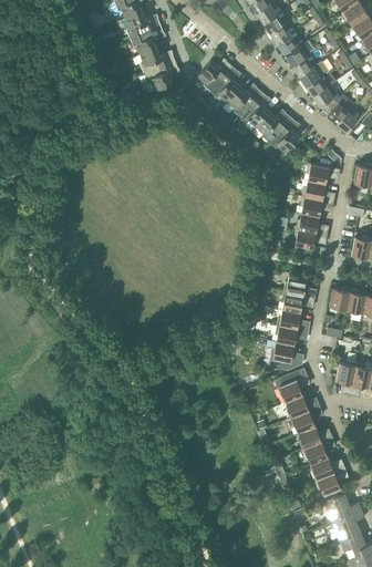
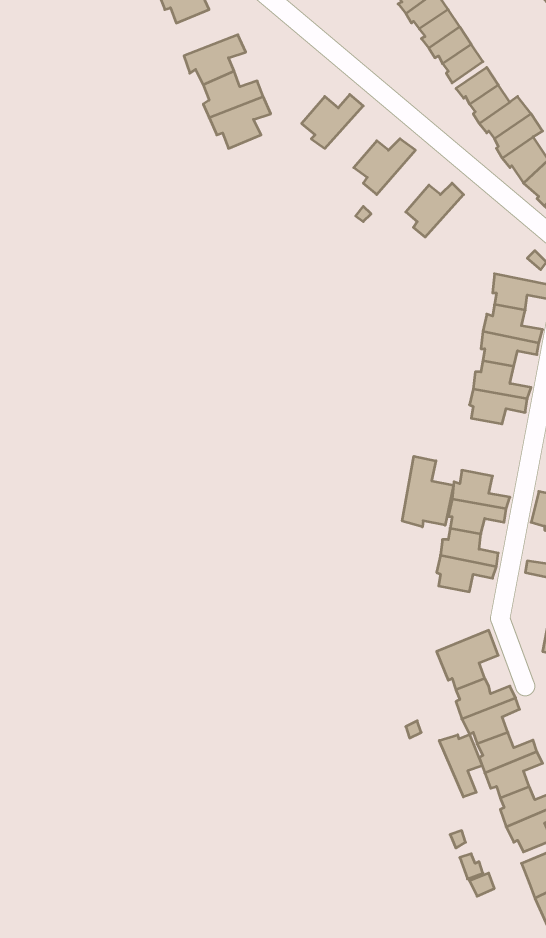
building: [125,11,161,38] -> none
building: [210,66,240,102] -> none
building: [240,92,270,127] -> none
building: [268,117,299,153] -> none
building: none -> [402,456,454,527]
building: [268,342,303,370] -> none
building: none -> [439,735,482,797]

